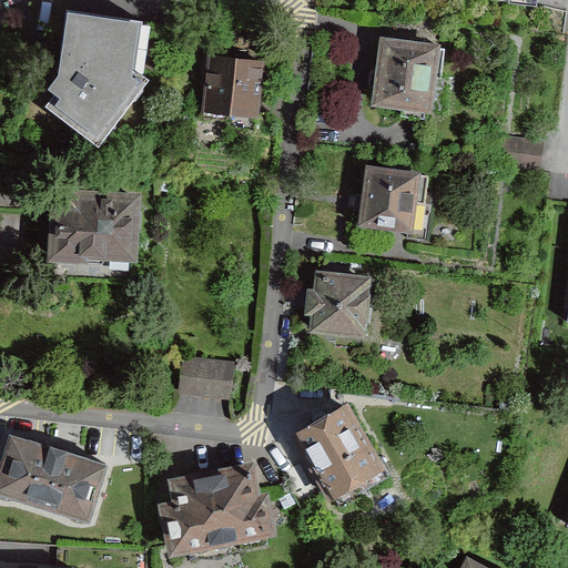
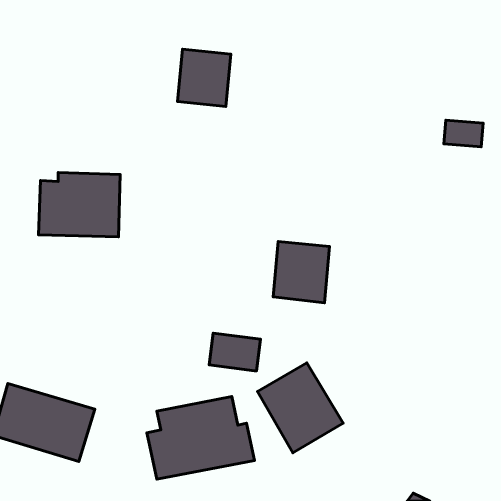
building: [48,9,150,142] -> none
building: [369,39,438,114] -> none
building: [356,168,418,235] -> none
building: [176,352,234,394] -> [209,333,261,371]

